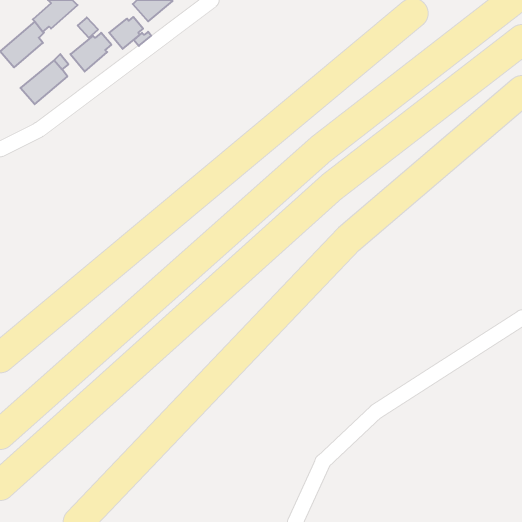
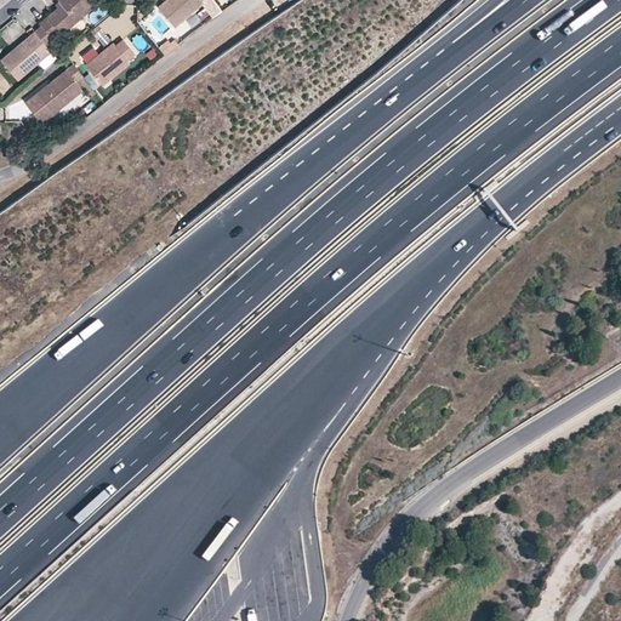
building: [109,17,143,49] -> none

